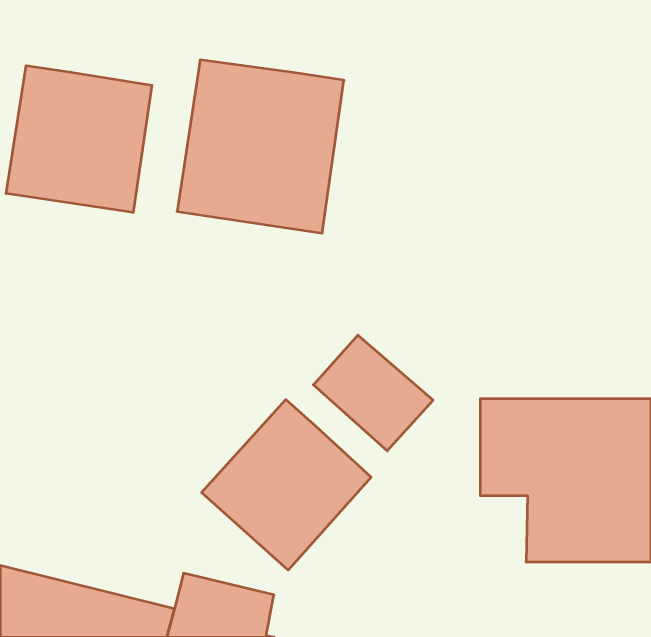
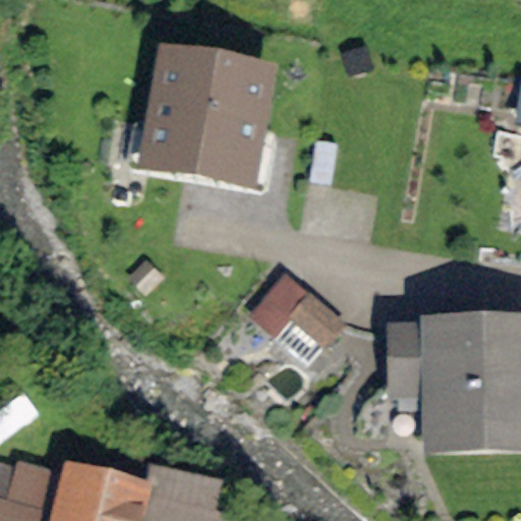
building: [6,66,152,213] -> none
building: [202,400,371,570] -> none

